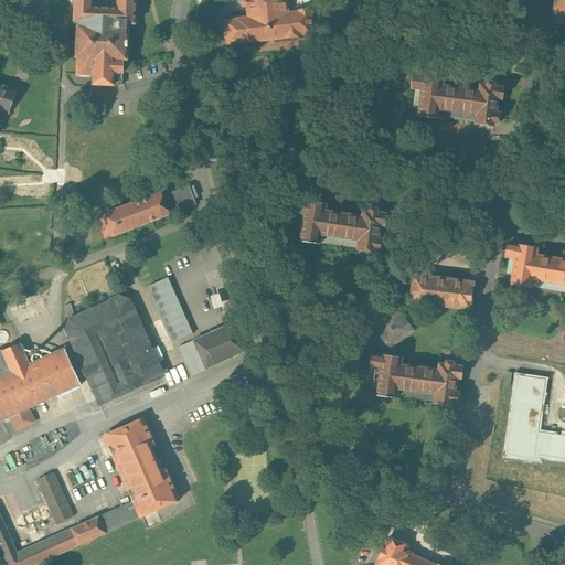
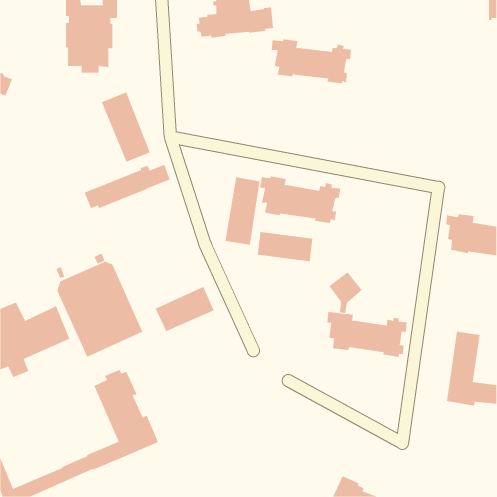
building: [409,75,501,126] -> [271,39,352,84]
building: none -> [101,91,151,162]
building: none -> [225,177,260,246]
building: [408,274,472,308] -> [257,232,313,262]
building: [148,276,191,341] -> none
building: [36,471,72,522] -> none

